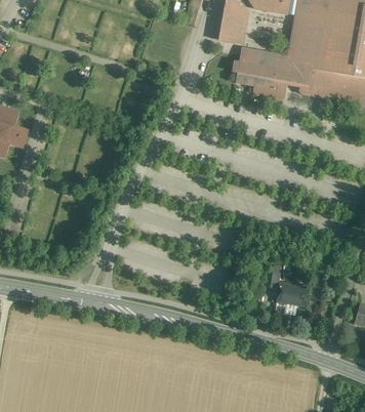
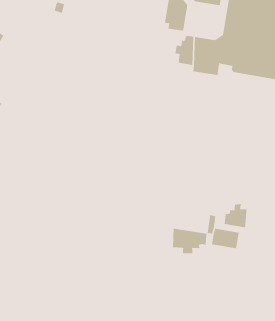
building: none -> [224,203,247,228]
building: none -> [172,228,207,254]

